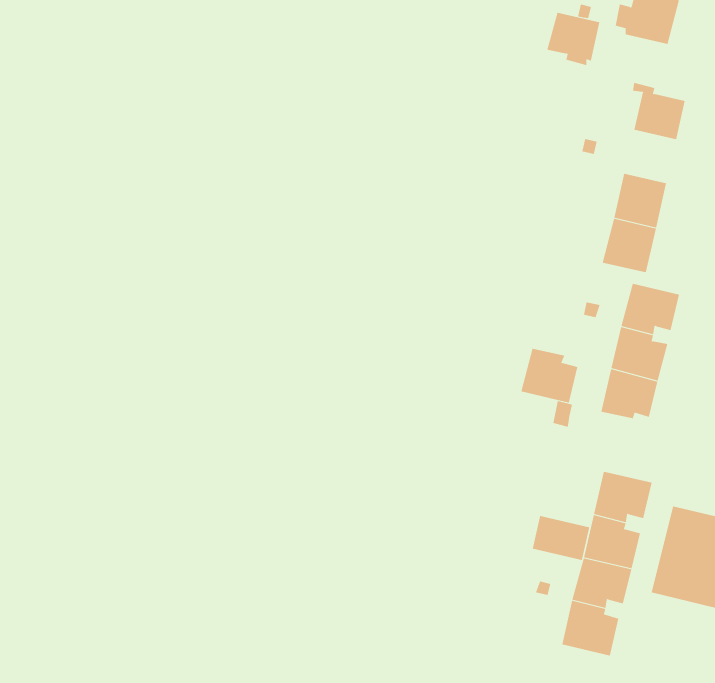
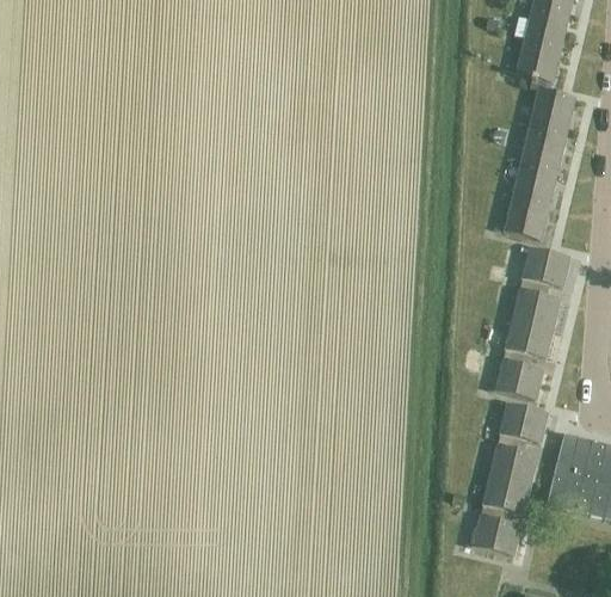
building: [547,12,600,66] -> [517,42,561,86]
building: none -> [524,121,568,165]
building: [520,348,578,403] -> [495,353,543,399]
building: [532,515,590,561] -> none

